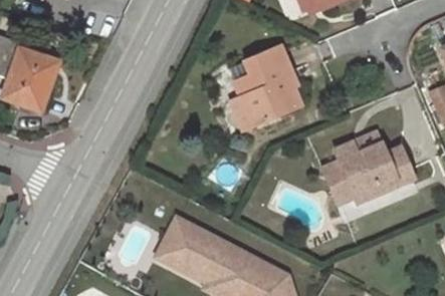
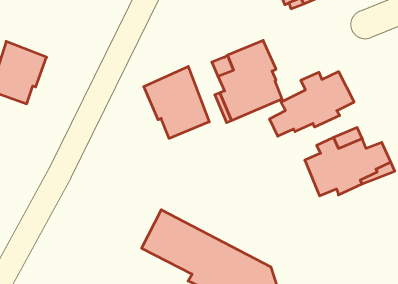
building: none -> [144,66,209,138]
building: none -> [270,72,354,136]

